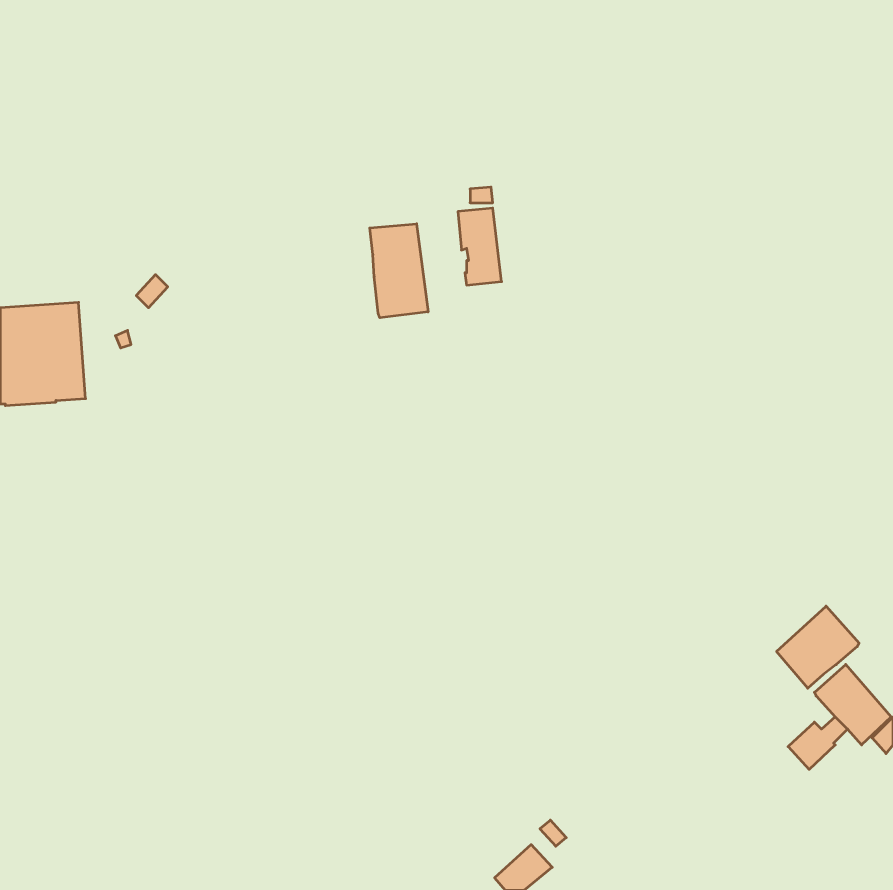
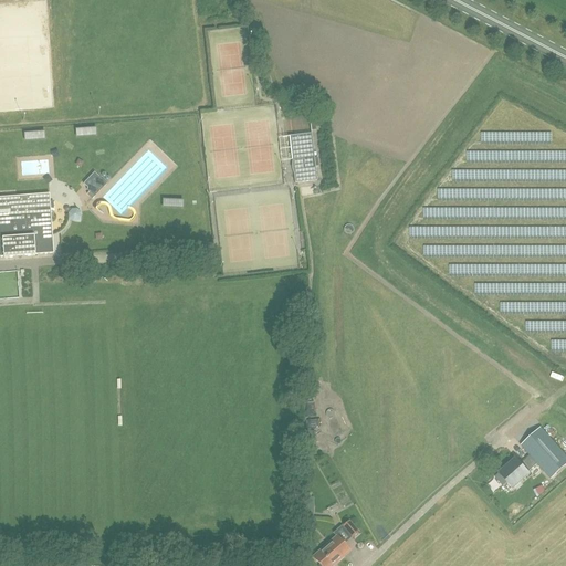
building: [370,224,428,318] -> none
building: [777,606,859,688] -> none

